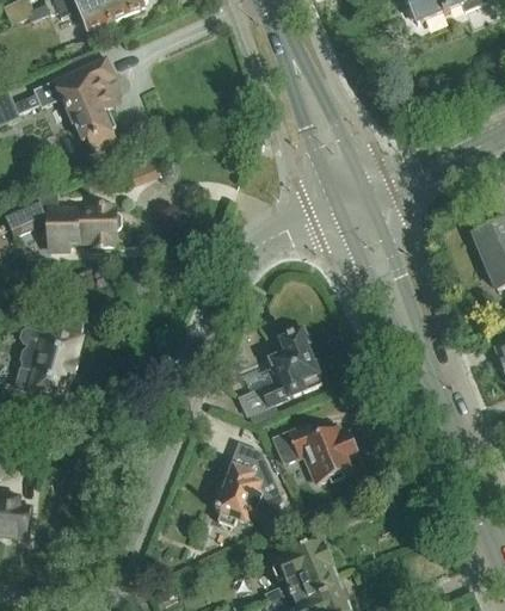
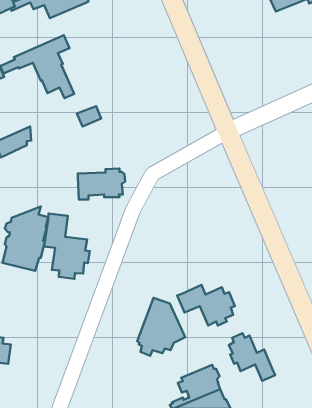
building: [53,204,122,249] -> [78,168,125,199]
building: none -> [44,214,90,279]
building: [238,325,321,414] -> none
building: none -> [229,333,275,381]

